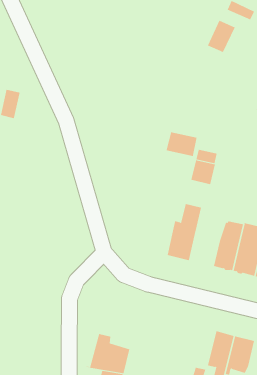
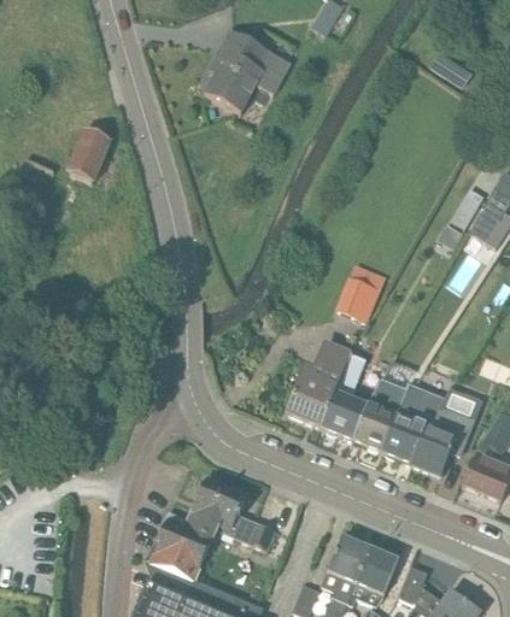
building: none -> [205,29,291,112]
building: [207,20,235,53] -> none
building: [166,131,197,157] -> none
building: none -> [320,351,368,440]
building: none -> [184,480,274,552]

